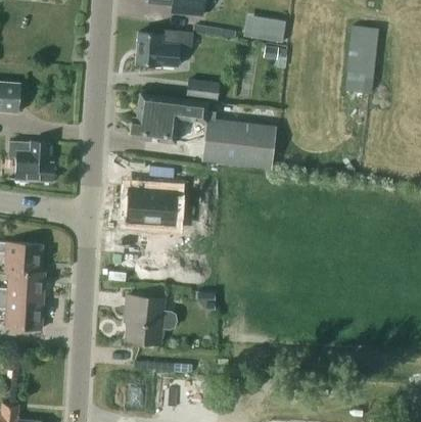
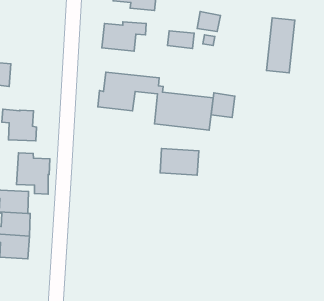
building: [185,80,219,102] -> [167,31,194,49]
building: none -> [211,93,235,117]
building: [123,189,172,223] -> [160,148,199,175]
building: none -> [17,153,50,194]
building: [125,296,175,343] -> none

